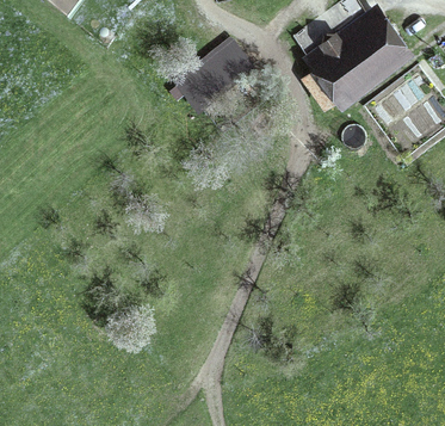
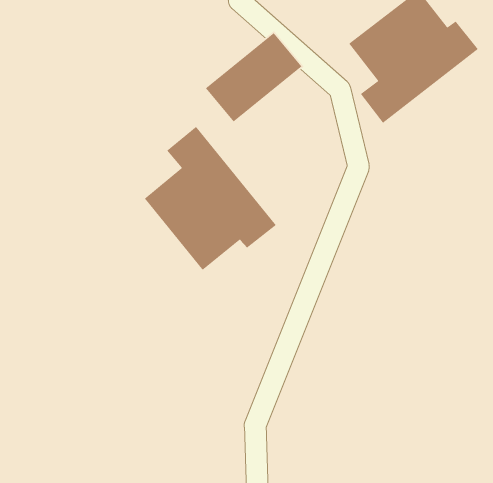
building: none -> [144,126,277,271]

